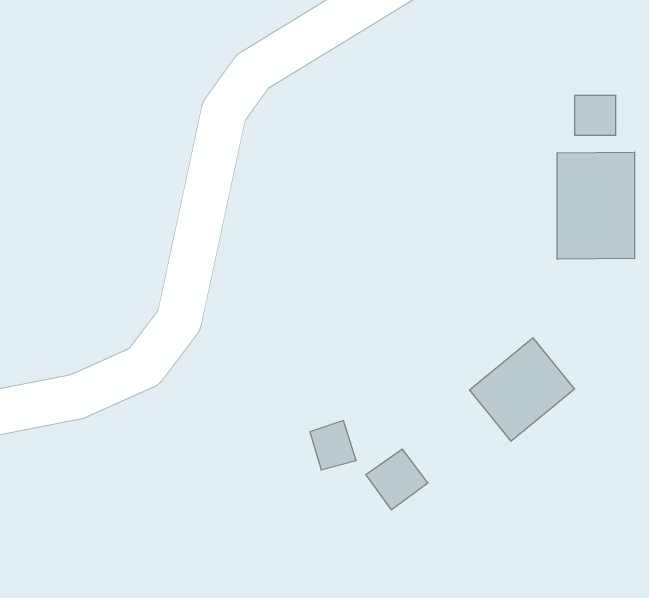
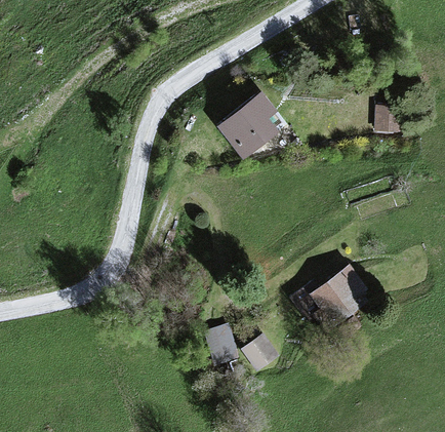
building: none -> [215,94,283,160]
building: [557,152,635,259] -> none

